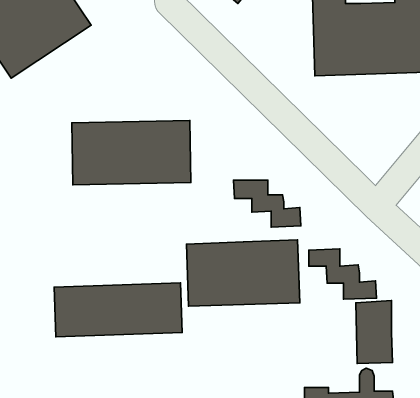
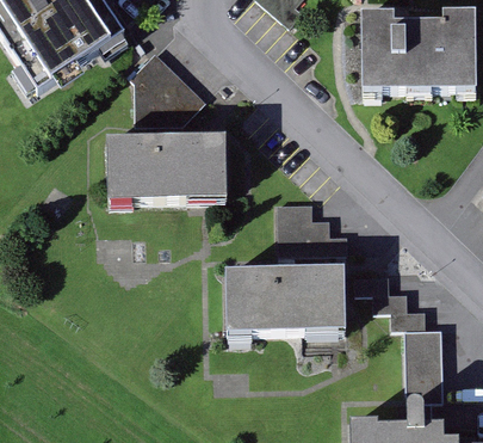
building: none -> [131,48,205,121]
building: [54,283,182,337] -> none

